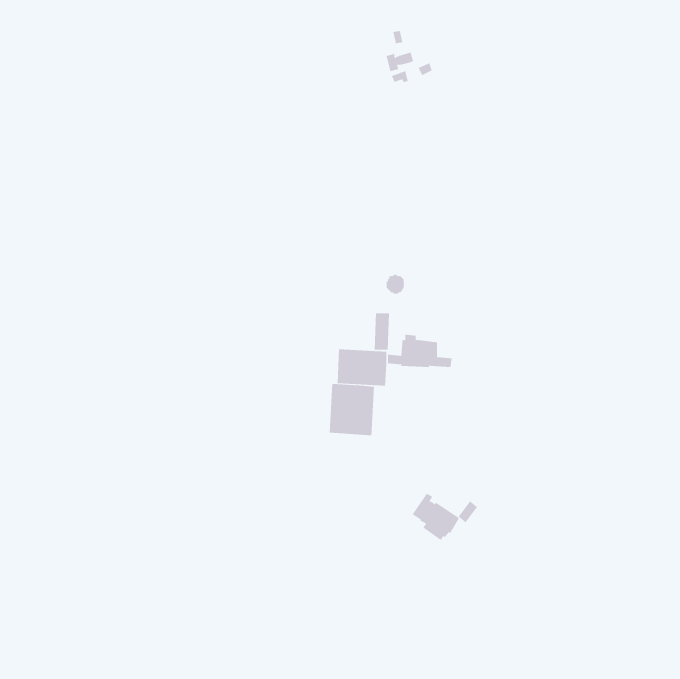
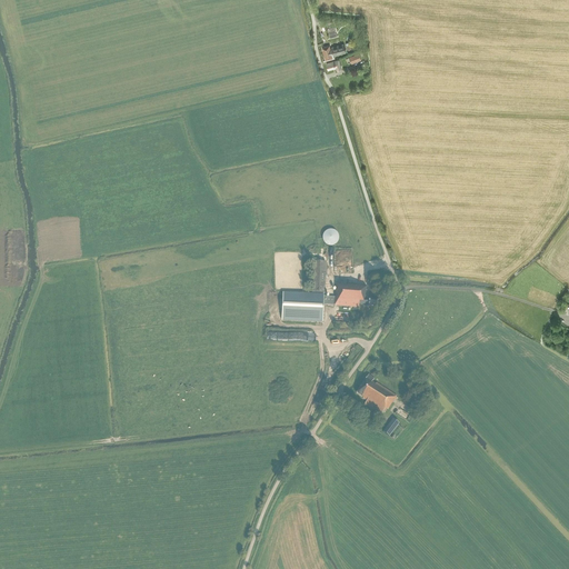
building: [329,383,374,436] -> none
building: [412,493,460,541] -> [356,375,396,415]

